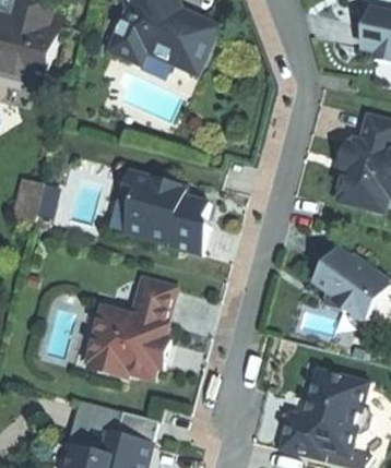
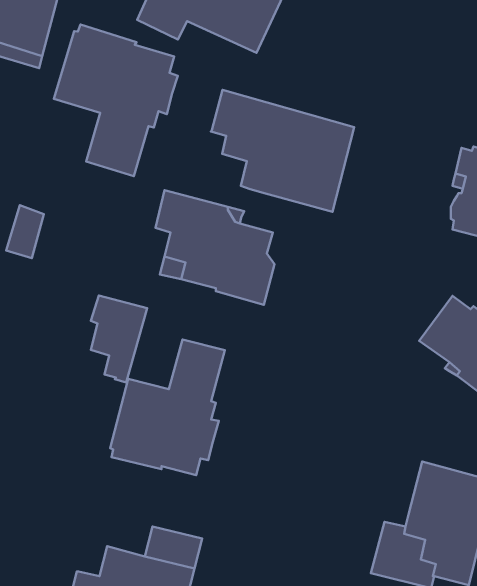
building: none -> [54,25,178,176]
building: none -> [211,90,354,212]
building: none -> [91,295,147,382]
building: [66,403,119,449] -> none

